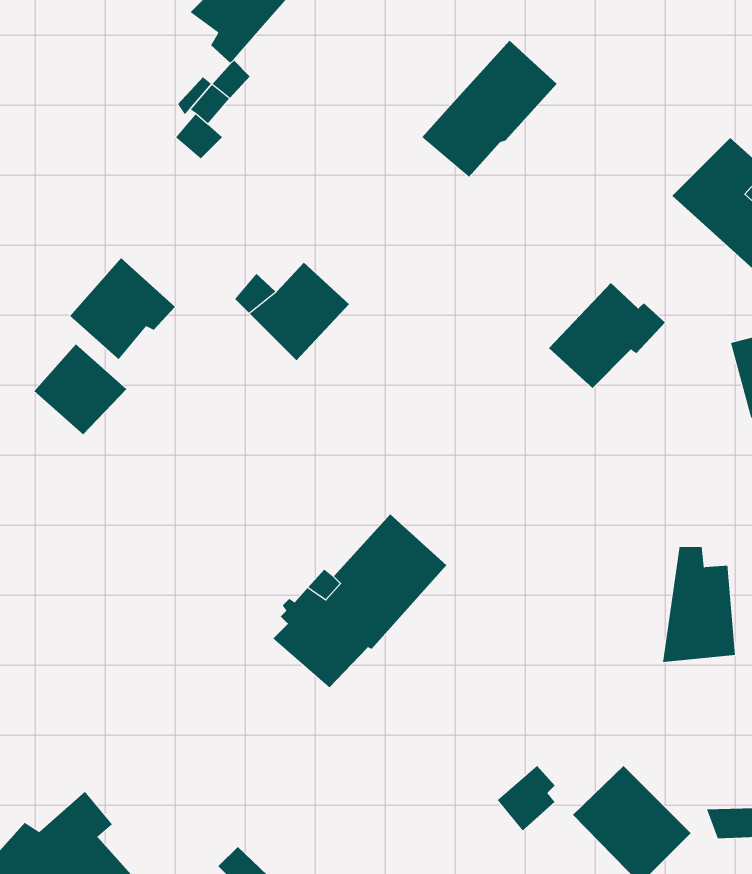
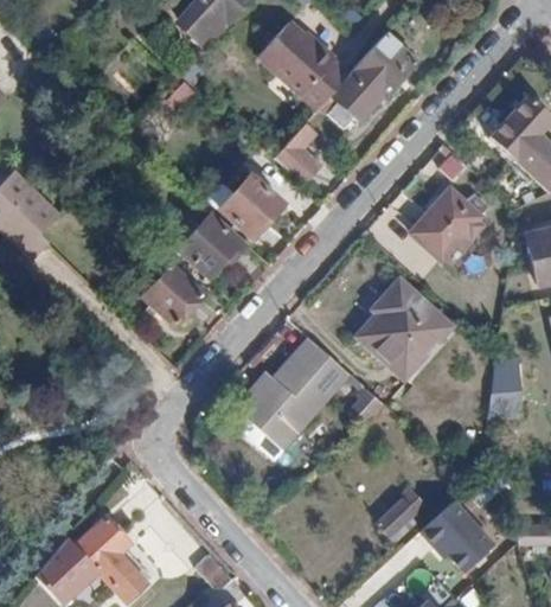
building: none -> [261,19,350,108]
building: none -> [271,124,316,184]
building: [69,257,176,360] -> [178,211,246,277]
building: [33,343,127,435] -> [139,264,199,324]
building: none -> [363,281,455,377]

